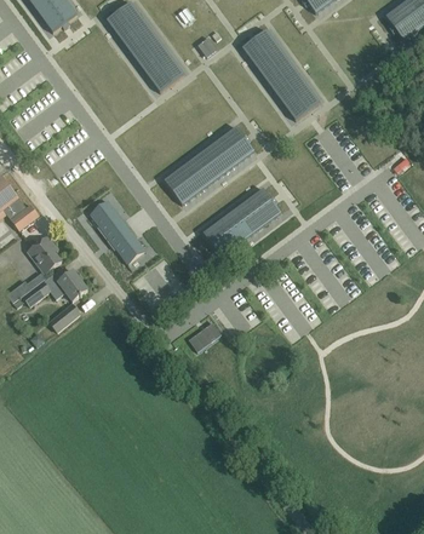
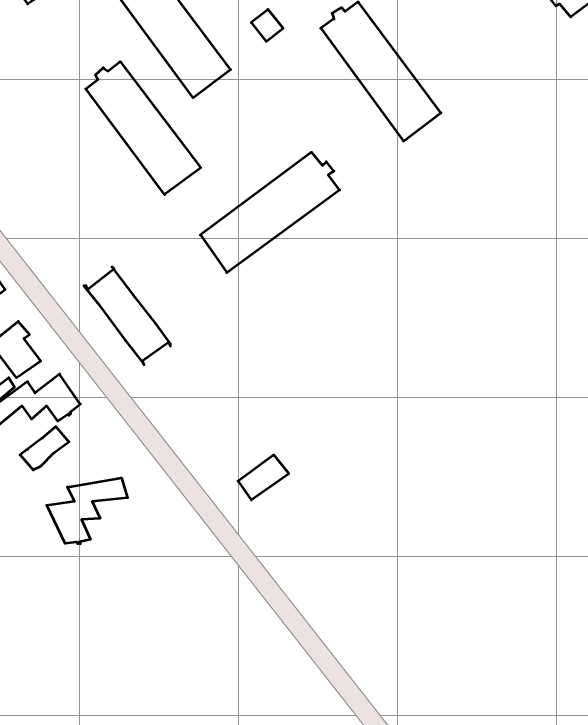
building: none -> [86,62,201,195]
building: [202,186,281,257] -> none
building: none -> [47,478,128,544]

